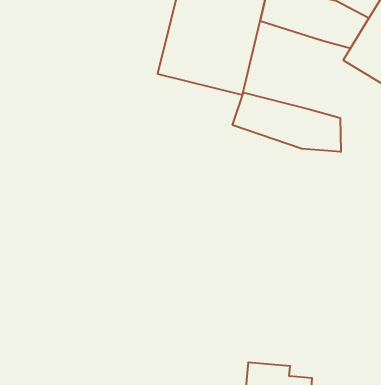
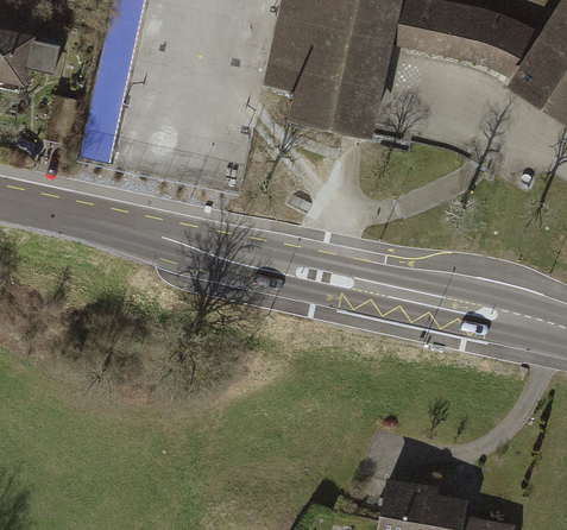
building: [233,93,341,152] -> none

